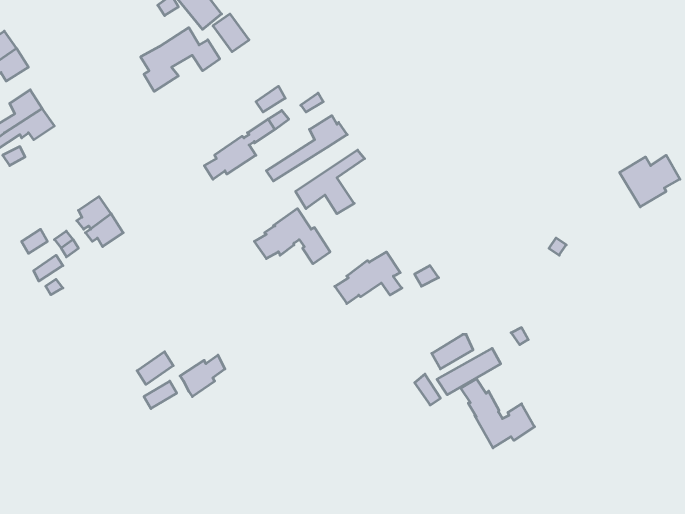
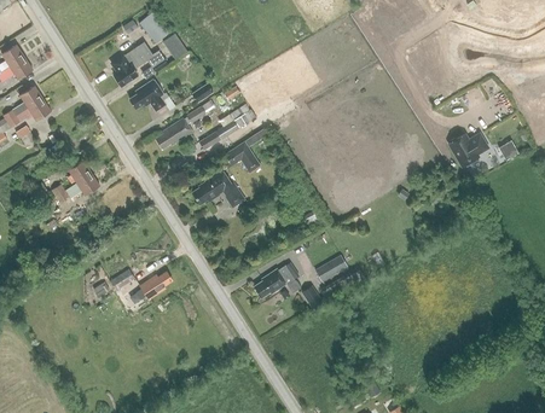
building: none -> [129,78,164,111]
building: [335,252,402,304] -> [253,262,300,298]
building: [461,379,535,448] -> none

